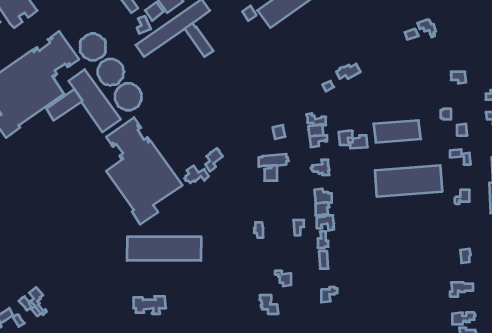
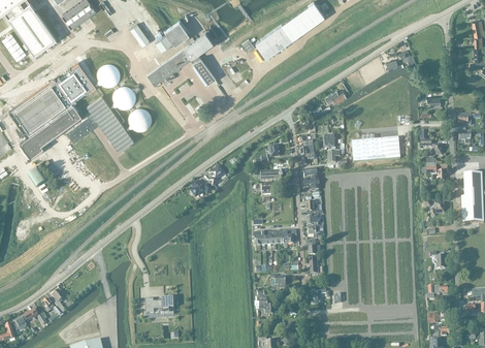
building: [106,117,182,224] -> none
building: [375,165,442,197] -> none
building: [127,237,201,261] -> none

